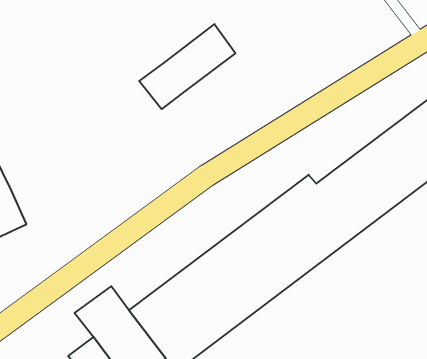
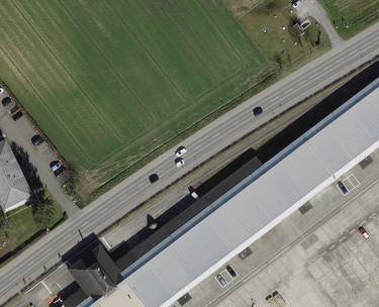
building: [139,24,235,109] -> none

